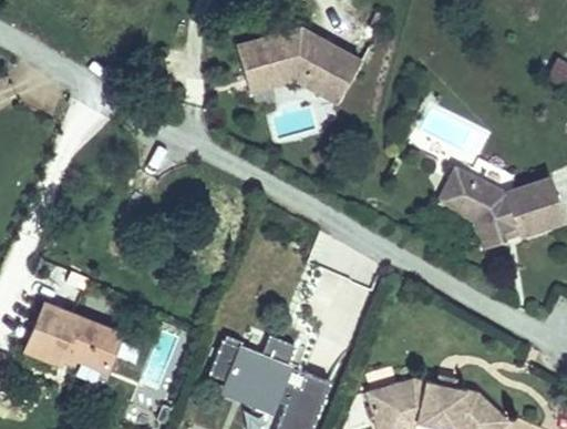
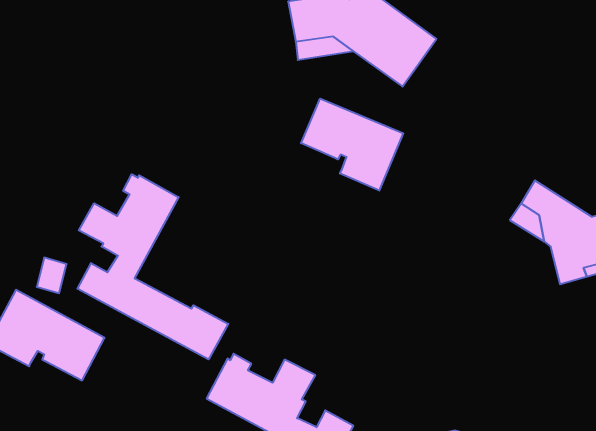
building: none -> [301,99,403,191]
building: none -> [77,174,228,359]

